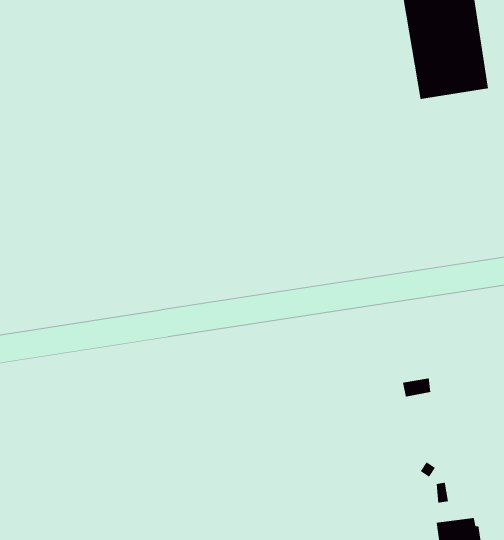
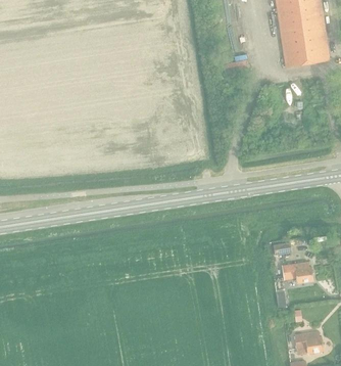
building: none -> [283,261,314,283]

